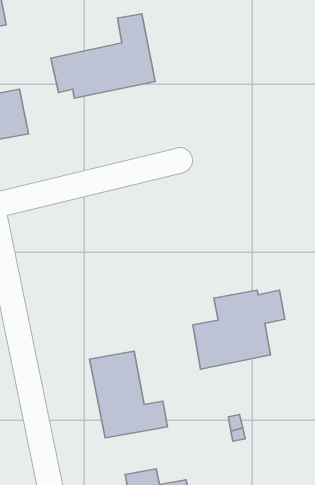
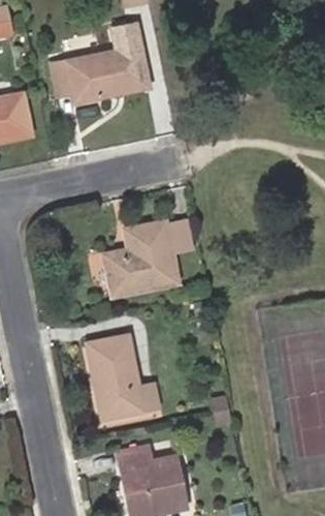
building: [193,290,285,369] -> [105,221,191,295]

